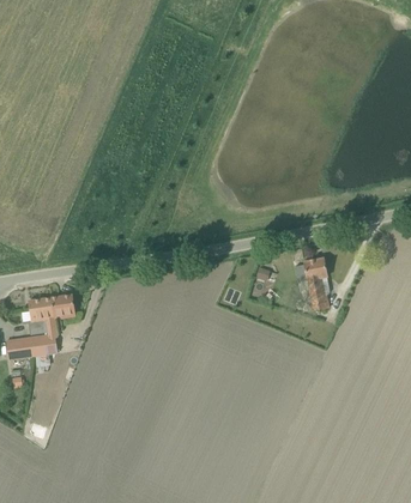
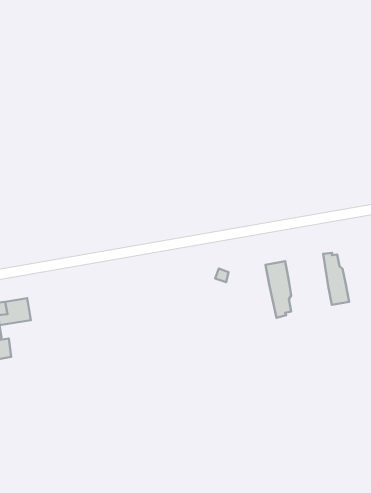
building: none -> [323,253,349,305]

